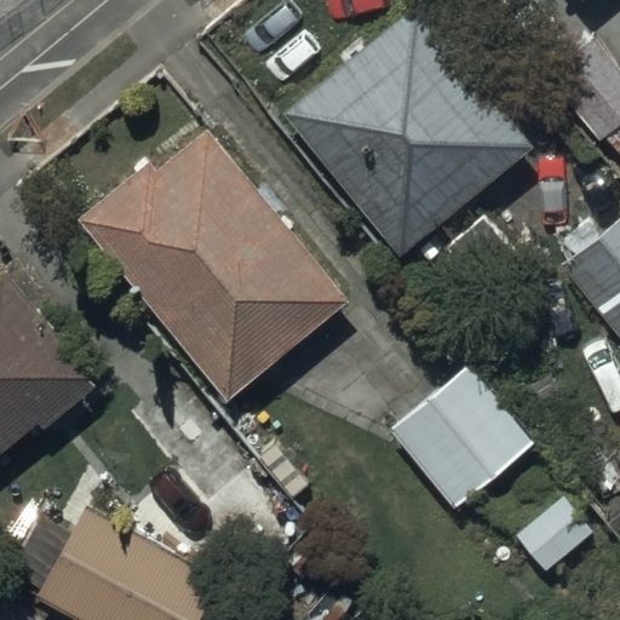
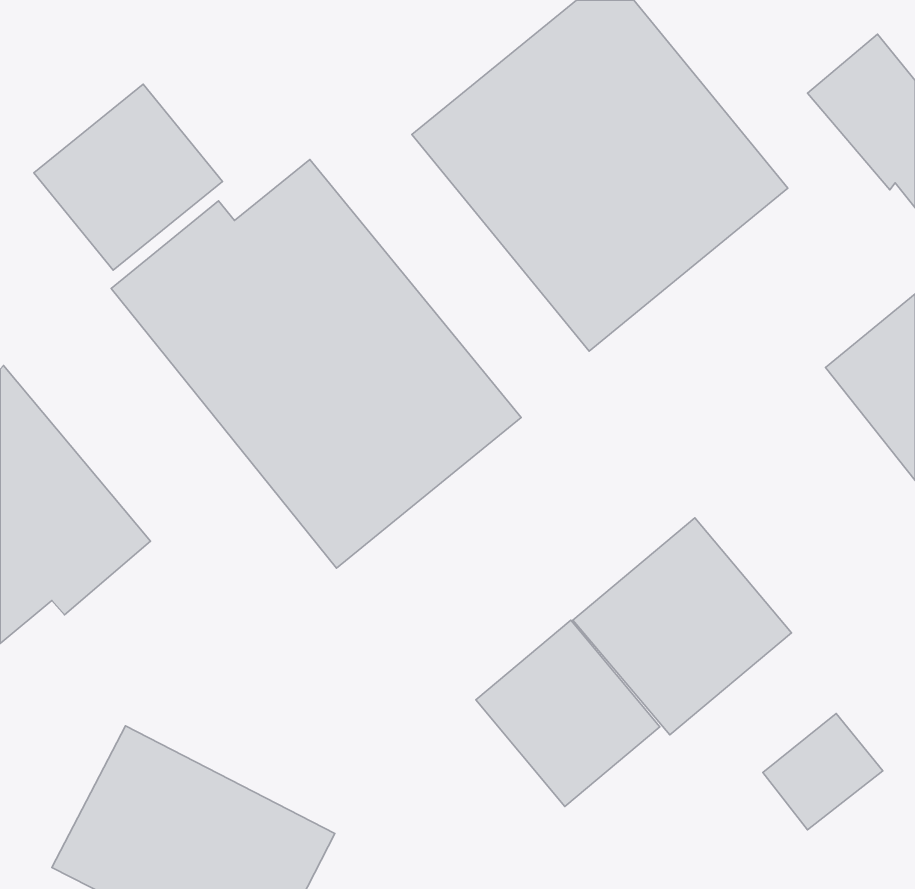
building: none -> [34,84,222,270]
building: none -> [476,620,660,806]

